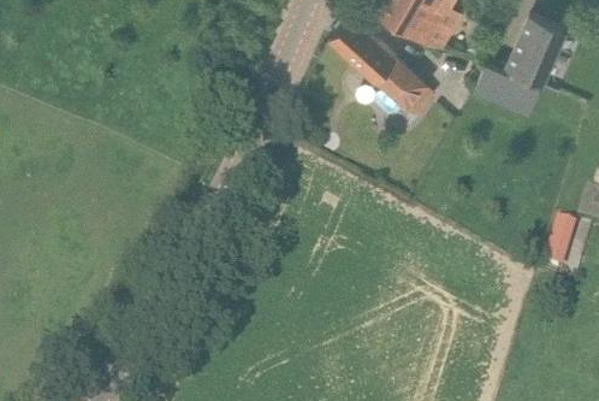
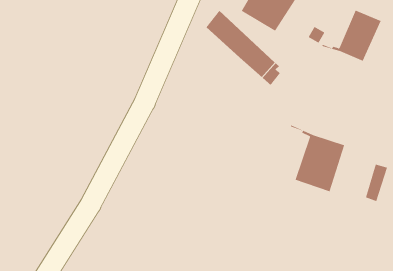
building: [475,65,541,114] -> none
building: none -> [290,125,345,192]

